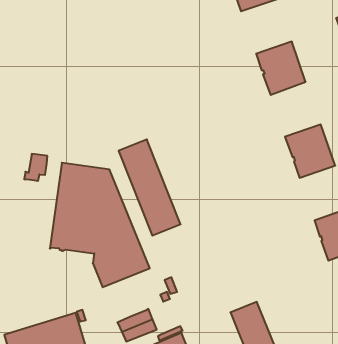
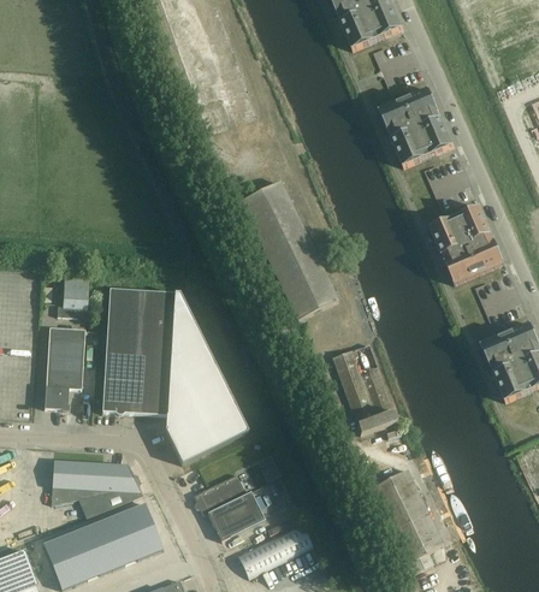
building: [119,139,181,236] -> [239,180,337,319]
building: none -> [43,327,85,410]
building: none -> [332,349,396,433]
building: none -> [52,460,143,516]
building: none -> [194,473,247,514]

